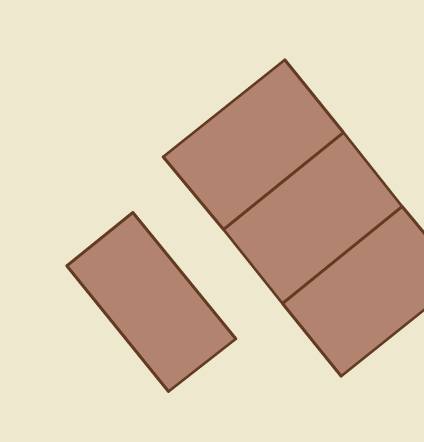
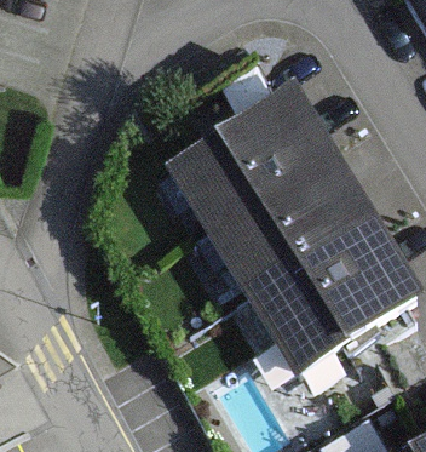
building: [67,213,236,391] -> none

